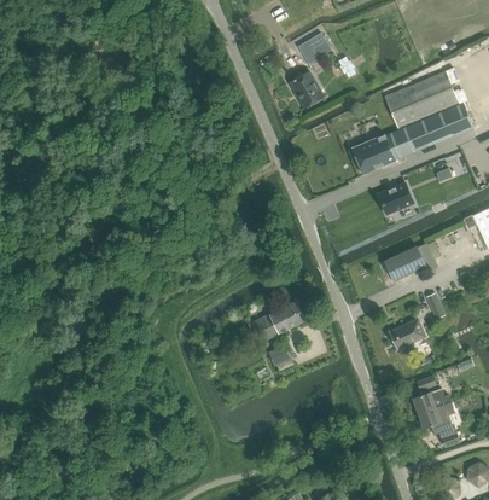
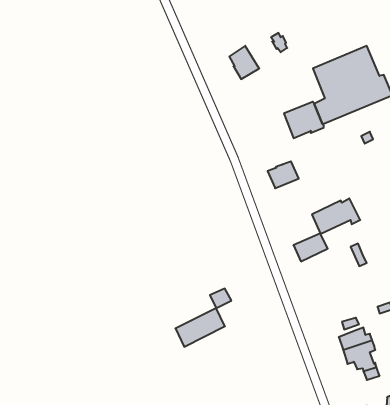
building: [297,33,331,64] -> none
building: [378,184,413,214] -> [268,161,299,188]
building: [249,301,304,344] -> [175,308,225,347]
building: [388,319,426,350] -> [293,233,328,261]

